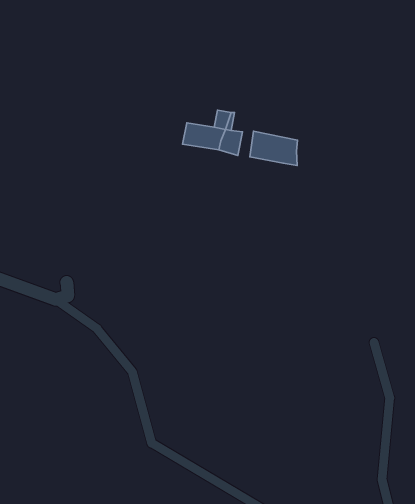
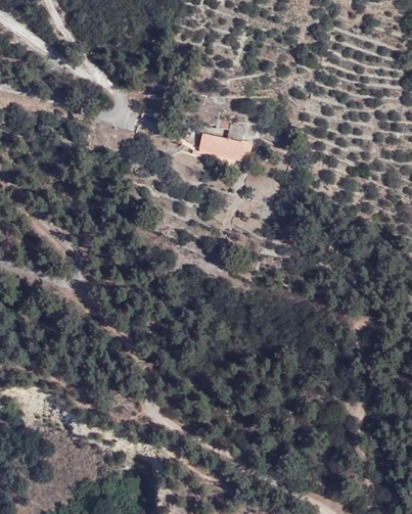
building: [250,131,298,165] -> none

